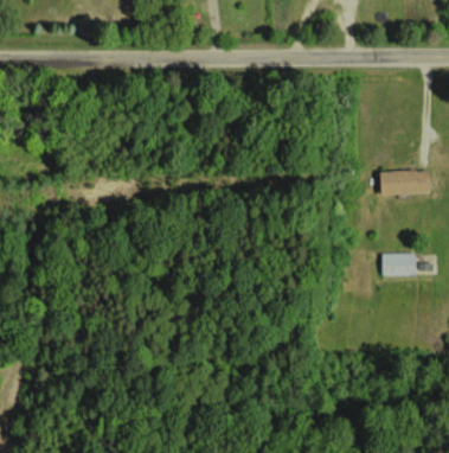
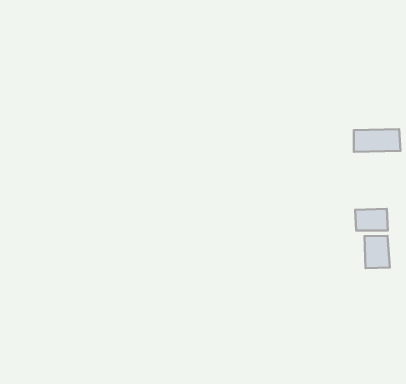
building: none -> [364,236,390,268]

